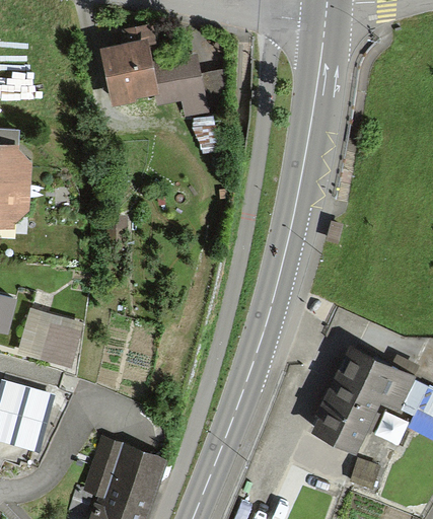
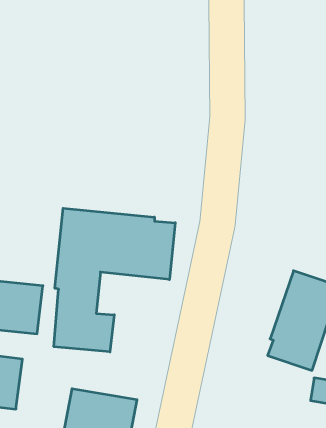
building: [102,41,235,122] -> none
building: none -> [54,208,175,352]

